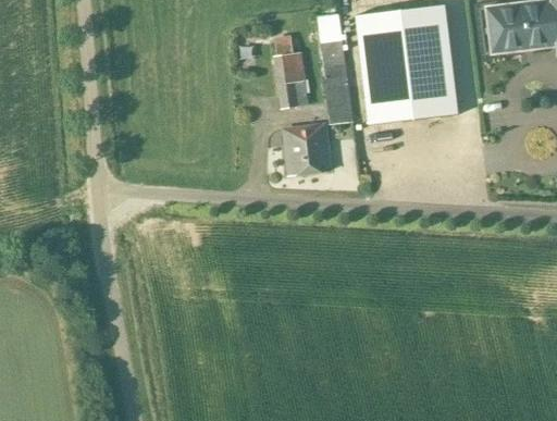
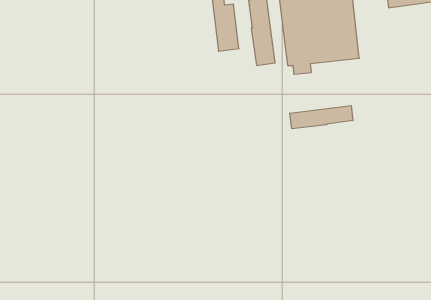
building: [282,123,331,175] -> none
building: none -> [290,106,353,129]

